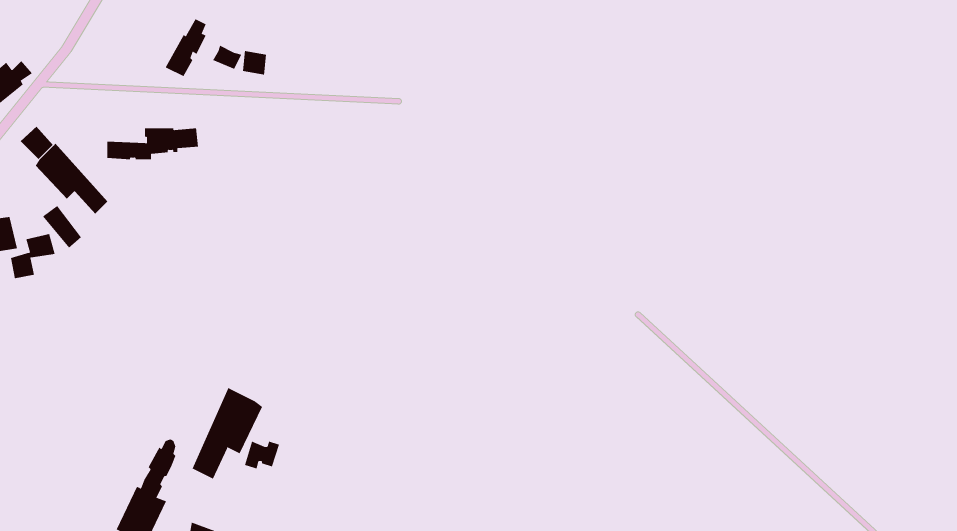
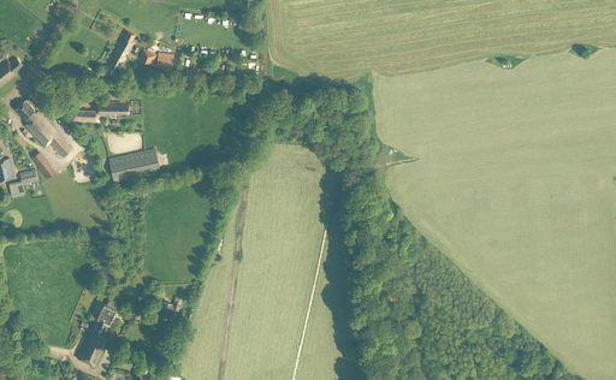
building: none -> [108,148,160,184]
building: [192,387,263,480] -> none

